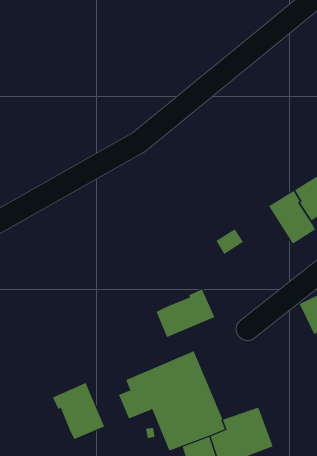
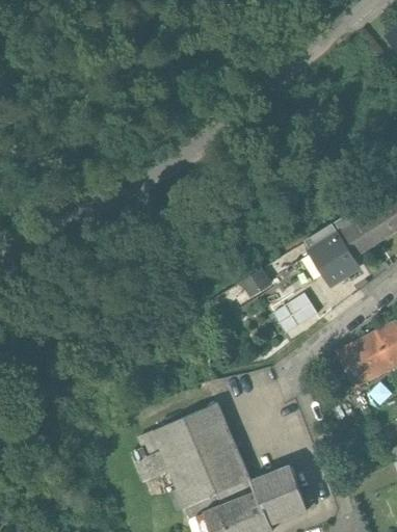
building: none -> [274,291,320,330]
building: [156,288,215,338] -> none
building: [52,382,105,440] -> none

